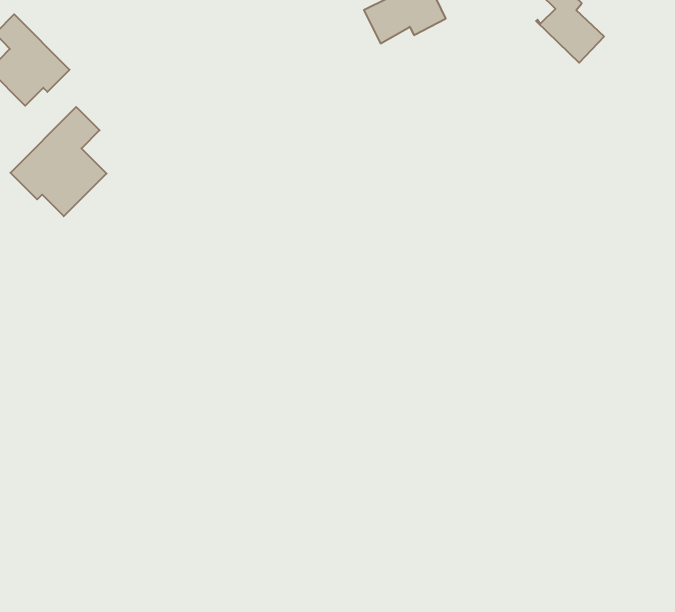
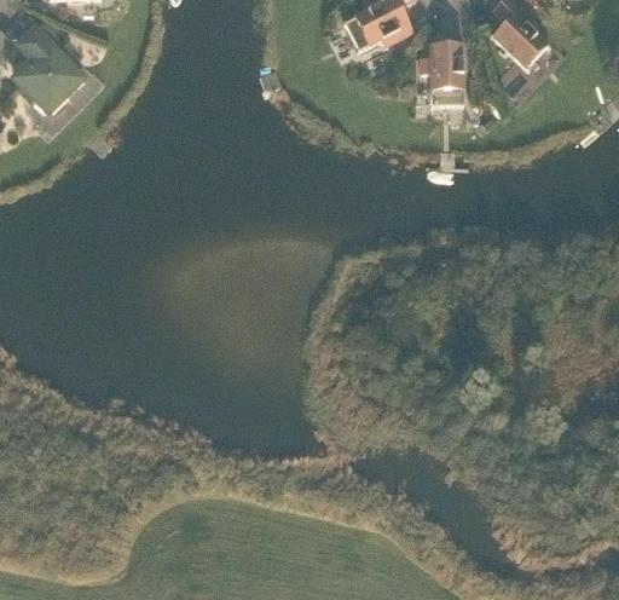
building: none -> [421,40,462,103]
building: [10,107,107,216] -> none

